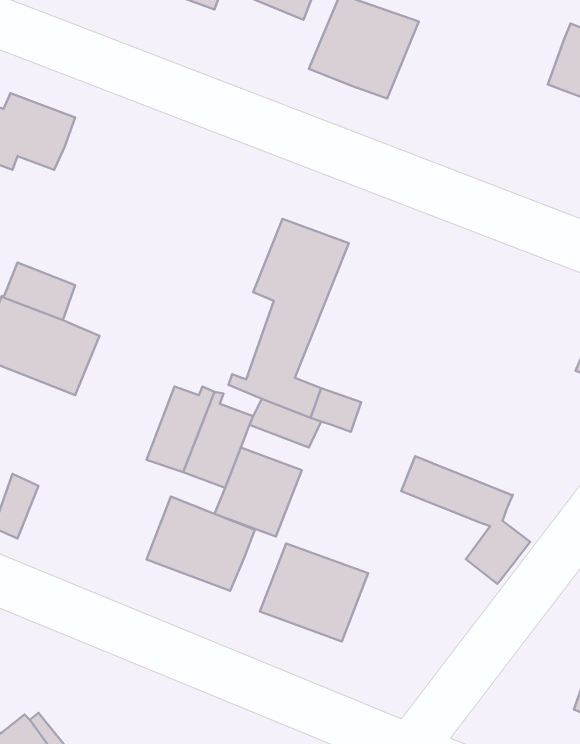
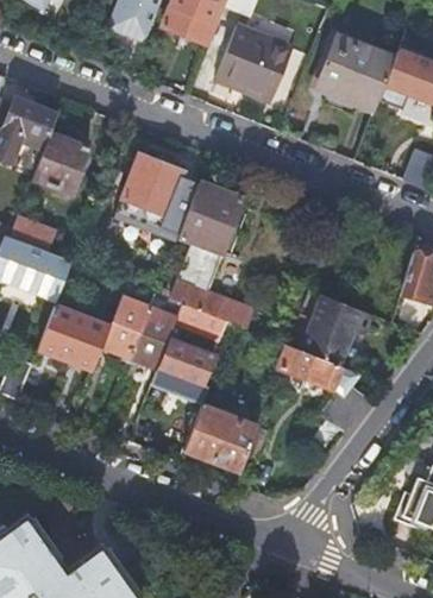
building: none -> [314,39,390,111]
building: none -> [32,134,86,193]
building: none -> [118,153,199,233]
building: none -> [301,295,376,371]
building: [147,497,255,591] -> [39,306,113,370]

